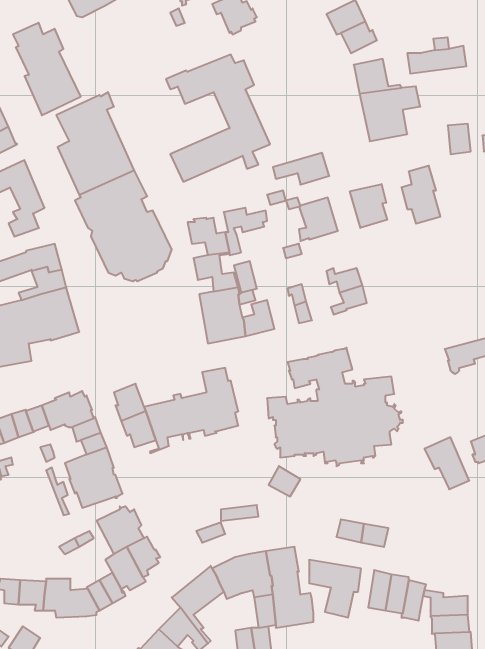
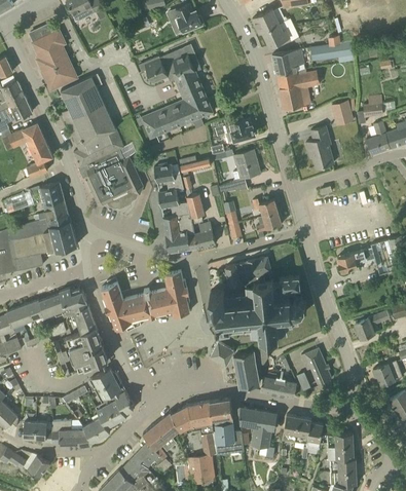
building: [350,184,387,228] -> none
building: [424,437,469,489] -> [300,347,332,384]
building: none -> [234,352,260,386]

